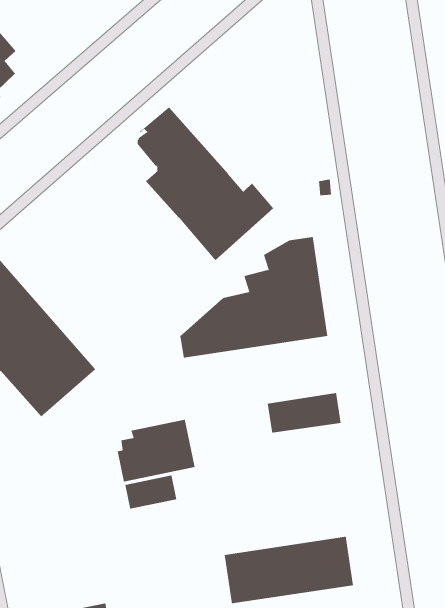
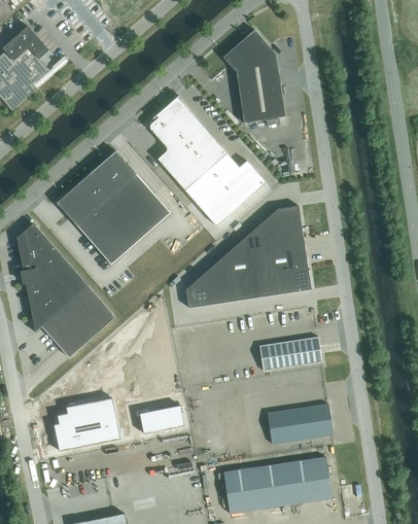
building: none -> [222,30,284,124]
building: none -> [63,151,170,265]
building: [117,419,195,482] -> [54,398,119,451]
building: none -> [267,404,333,444]

